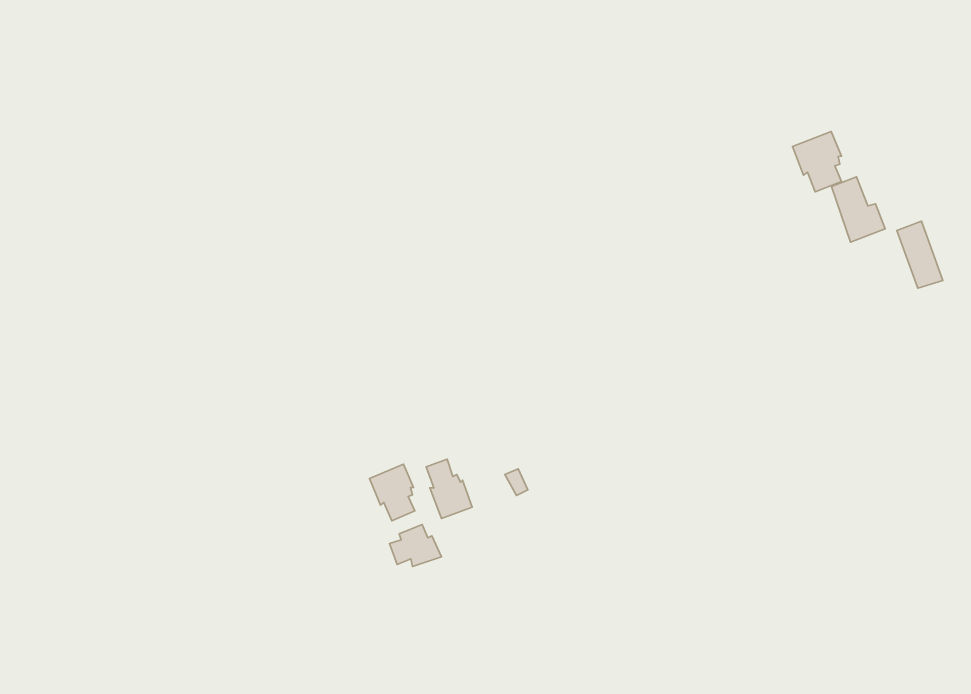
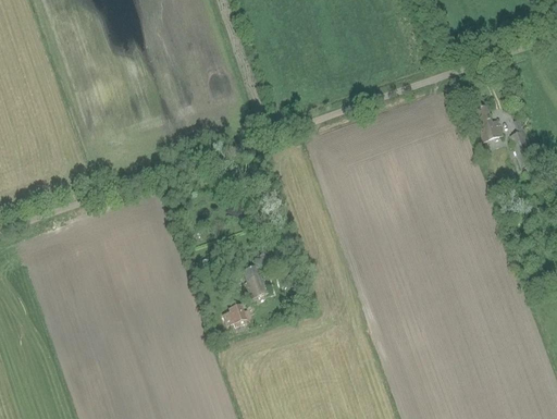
building: [793,132,842,192] -> none
building: [369,464,415,521] -> none

